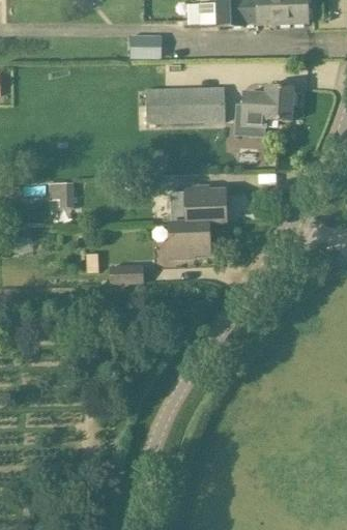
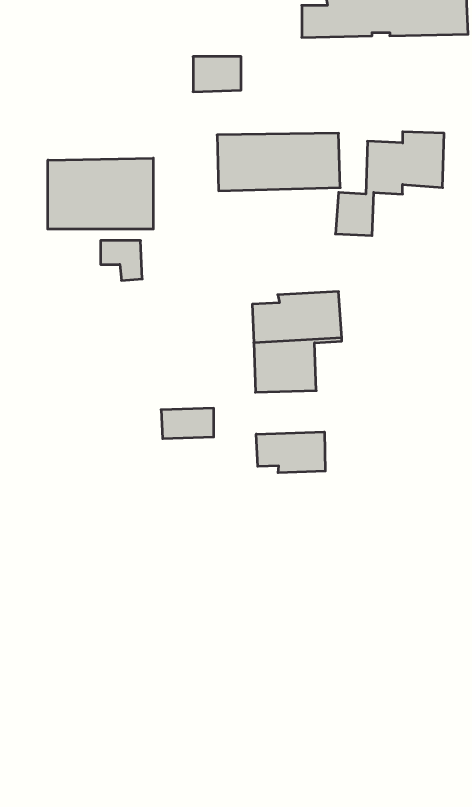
building: none -> [48,158,153,229]
building: [49,181,76,207] -> [101,241,142,280]
building: none -> [256,432,325,473]

